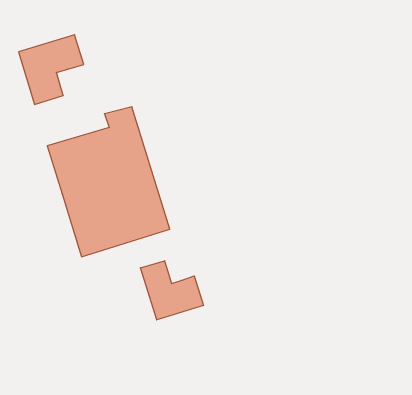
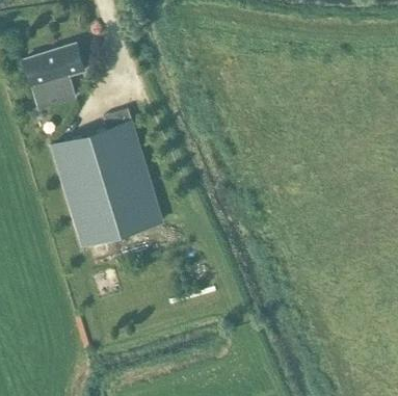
building: [140,261,203,320] -> none

